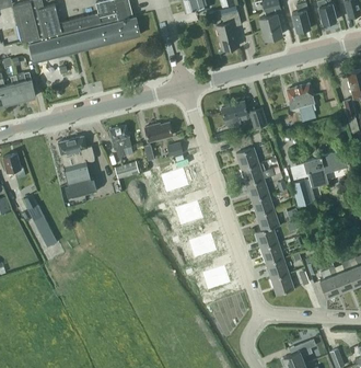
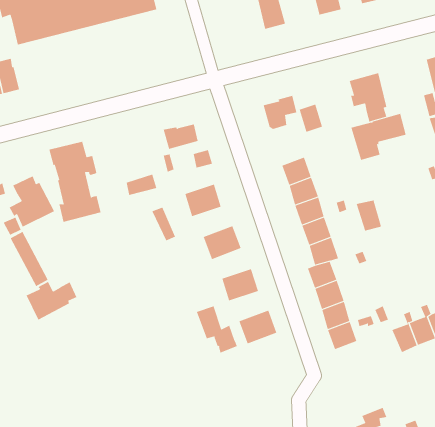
building: [109,126,132,157] -> none
building: [304,150,347,186] -> [351,113,406,160]
building: none -> [9,176,55,228]
building: none -> [26,281,77,321]
building: none -> [196,305,237,354]

